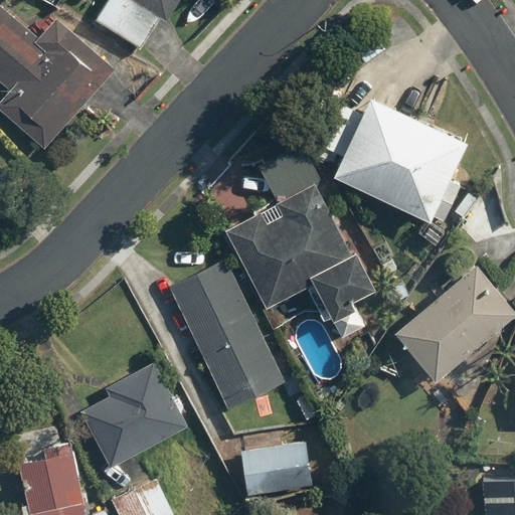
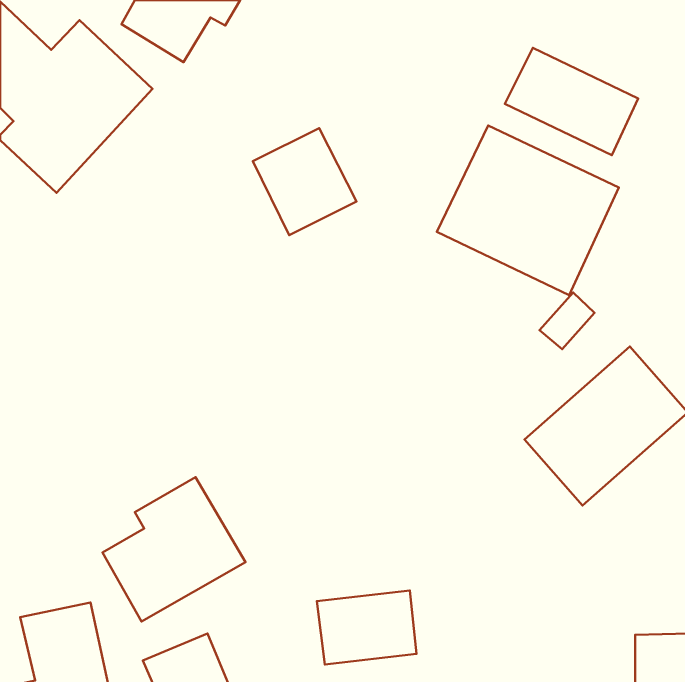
building: none -> [505,48,638,155]
building: none -> [253,128,357,235]
building: [222,144,371,337] -> none
building: [169,259,287,409] -> none

